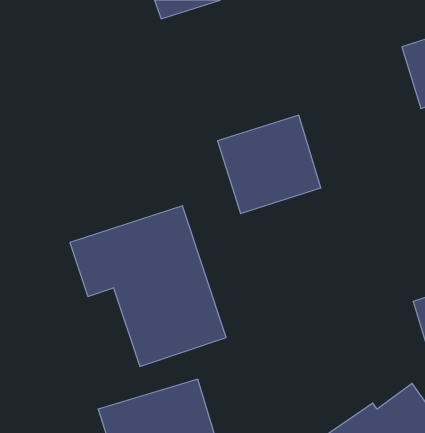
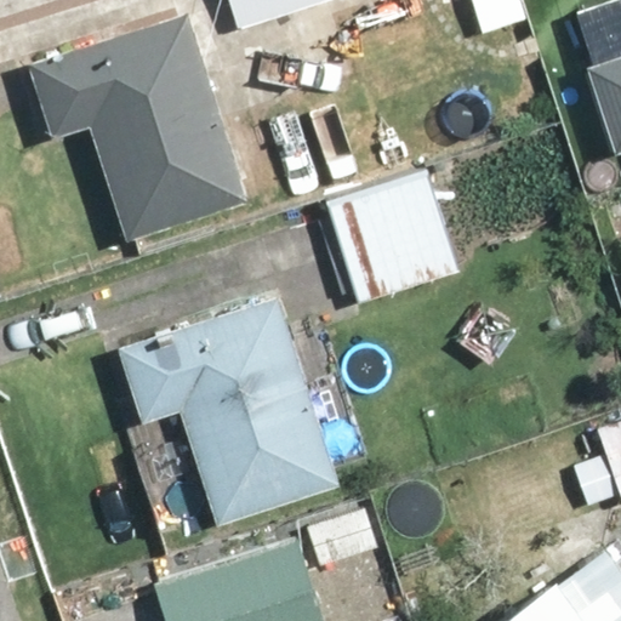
building: none -> [24,13,247,238]

